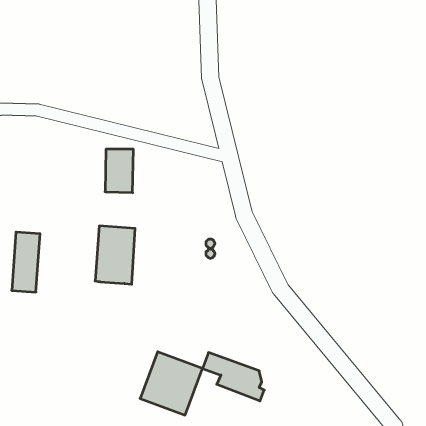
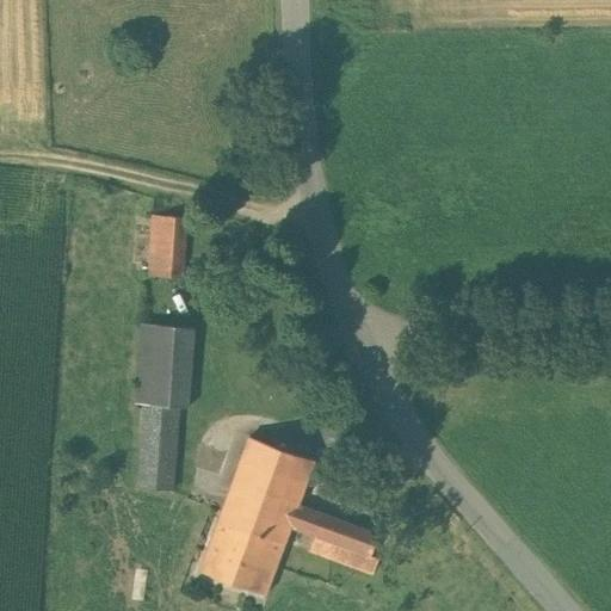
building: [12,232,40,292] -> [137,403,178,489]
building: none -> [226,438,314,527]

